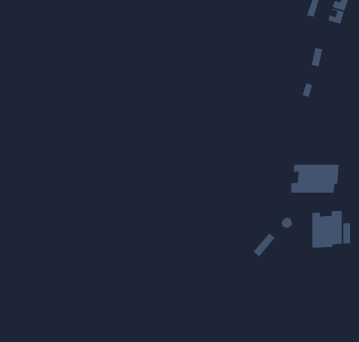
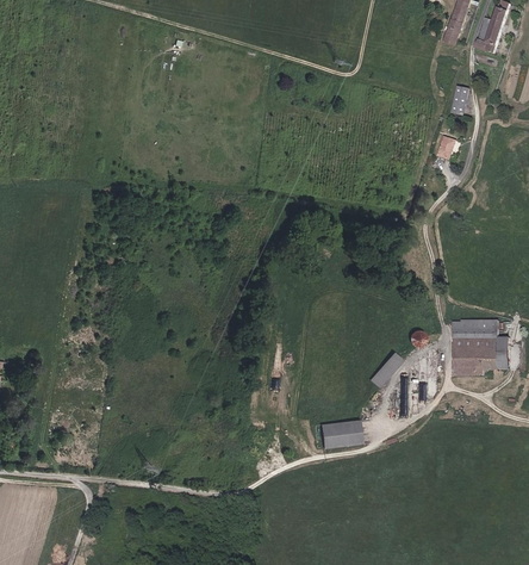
building: [291,164,339,193] -> none
building: none -> [318,420,360,448]

